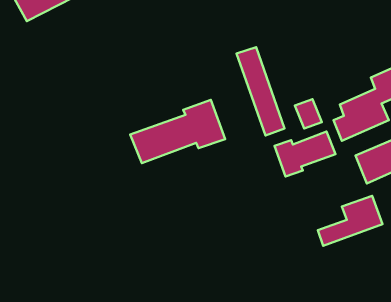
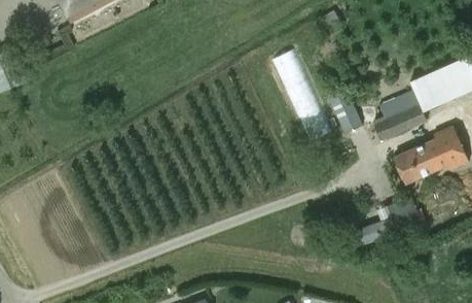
building: [130,100,225,163] -> none
building: [274,132,336,177] -> none

